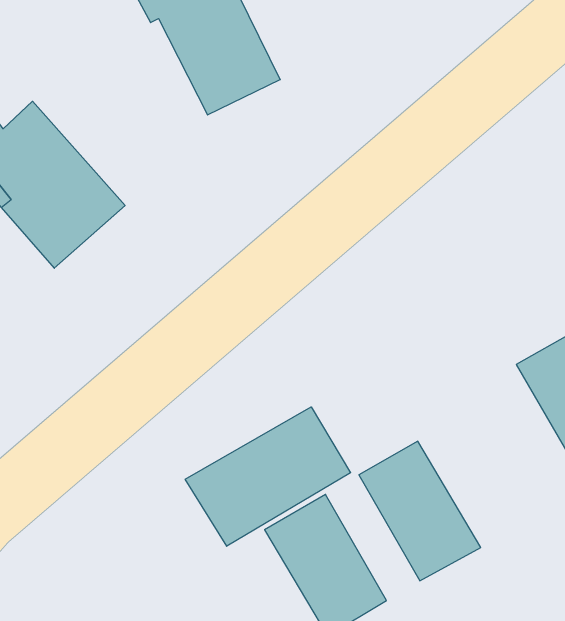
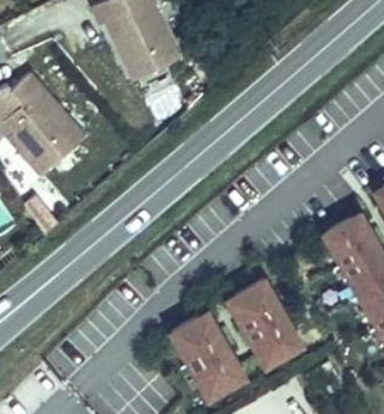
building: [185,407,351,546] -> none

